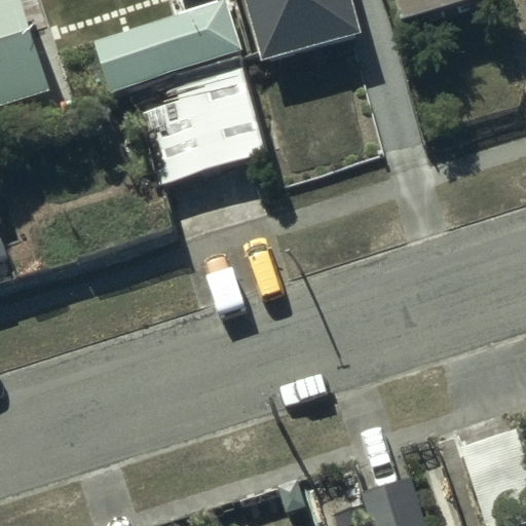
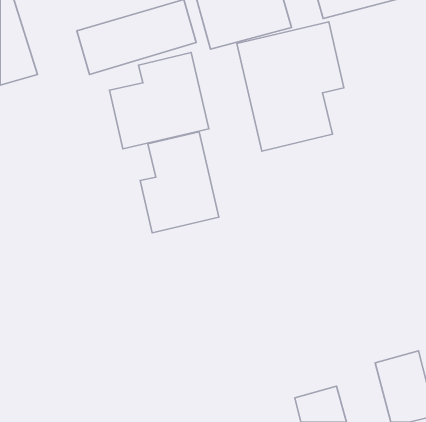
building: none -> [237,22,344,151]
building: none -> [140,132,219,233]

